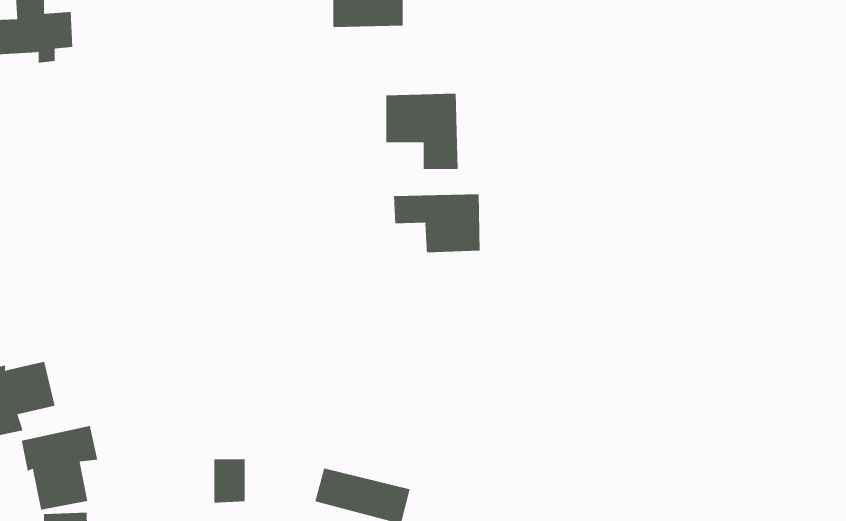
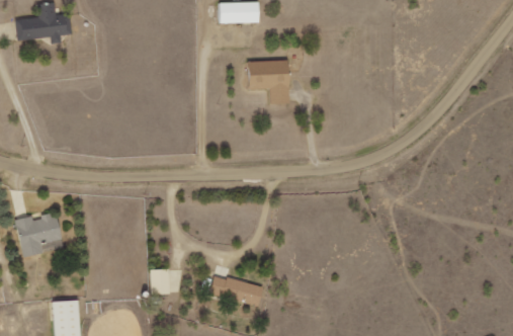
building: [393,194,480,253] -> none
building: [21,425,98,511] -> none

